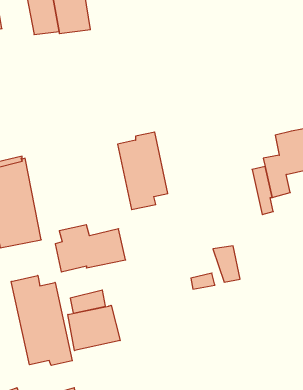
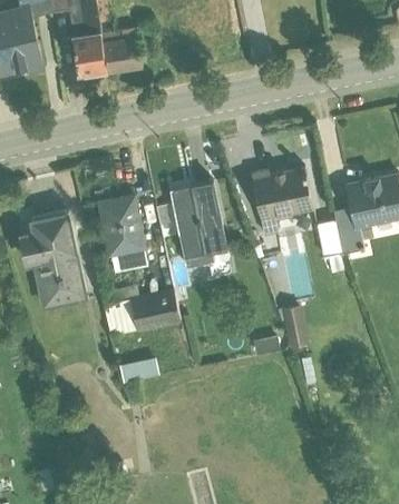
building: none -> [250,167,312,236]
building: none -> [98,195,147,273]
building: [11,275,72,365] -> none
building: [68,305,120,351] -> none

